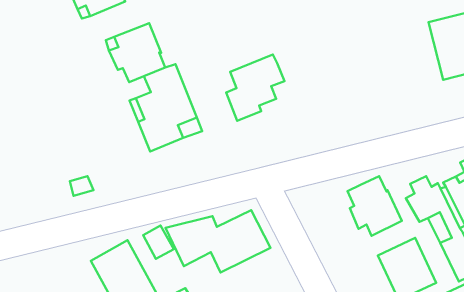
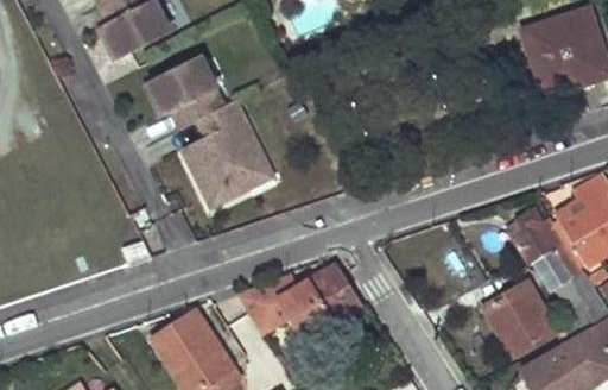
building: [226,55,284,121] -> none
building: [348,176,402,236] -> none

